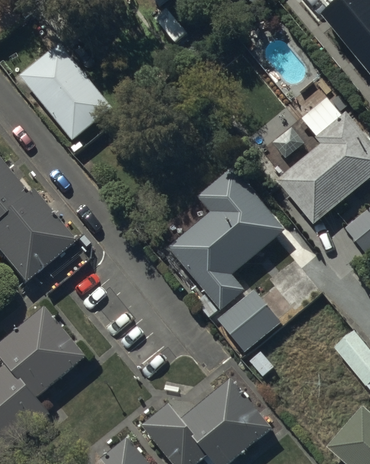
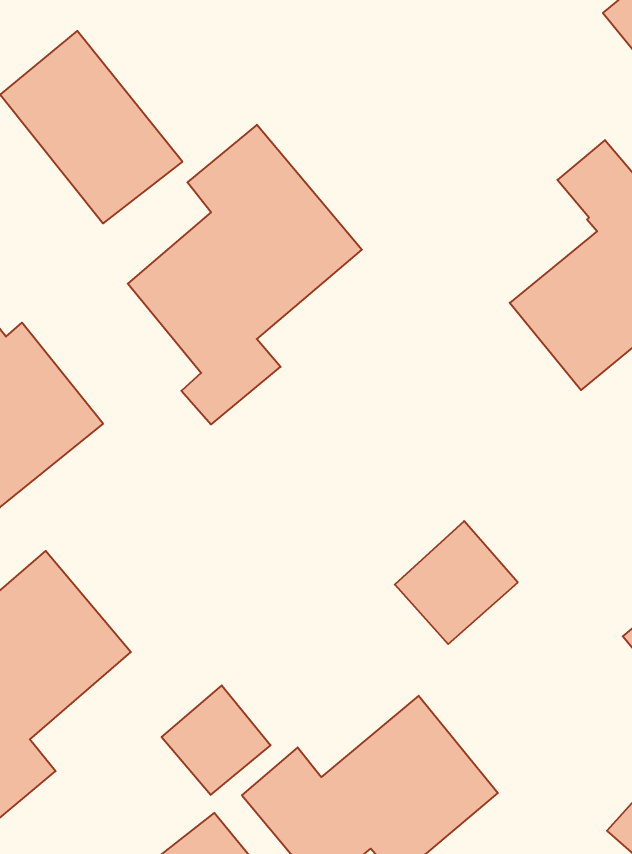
building: [168,166,286,317] -> [128,125,362,424]
building: none -> [162,685,271,795]

